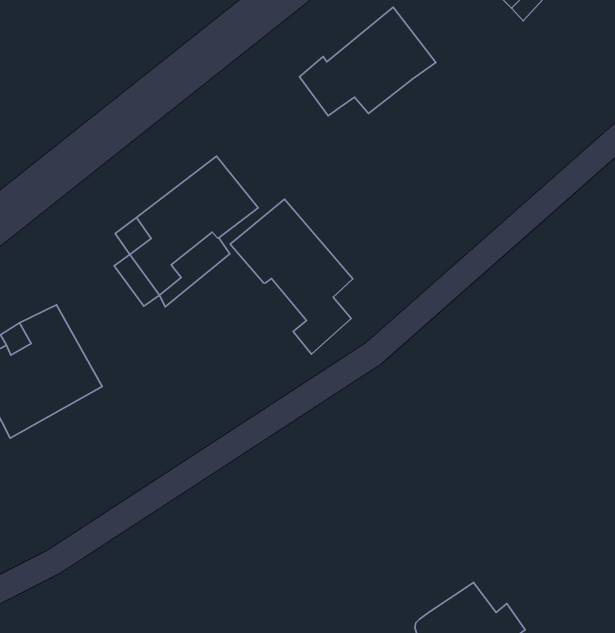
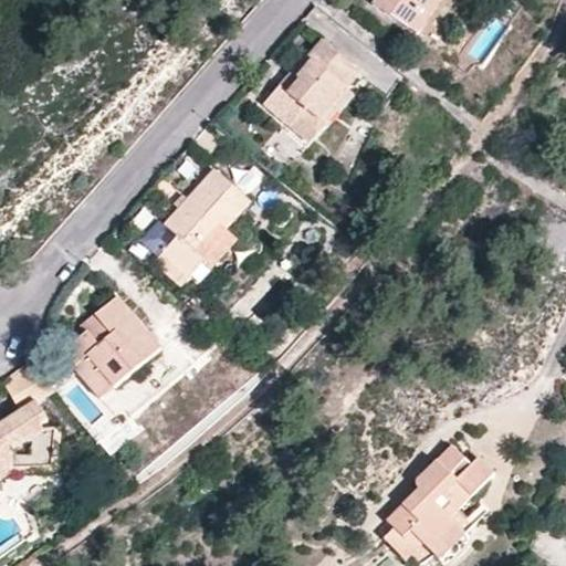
building: none -> [293,88,353,139]
building: [230,199,353,354] -> none

